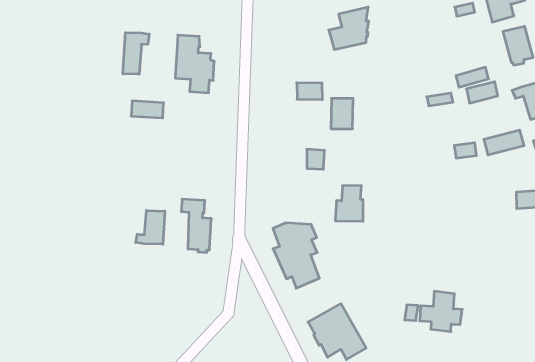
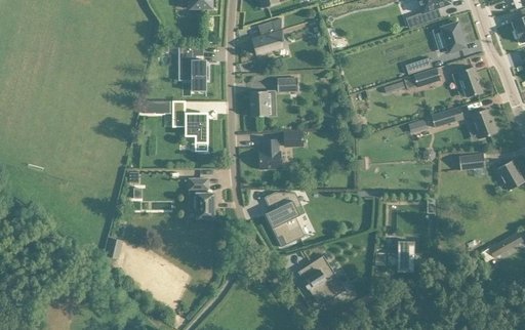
building: [329,7,369,49] -> [251,18,283,54]
building: [123,33,149,74] -> none
building: [331,98,353,129] -> [250,91,269,117]
building: none -> [174,114,207,142]
building: [335,186,363,221] -> [259,139,282,169]
building: [136,210,165,244] -> none

